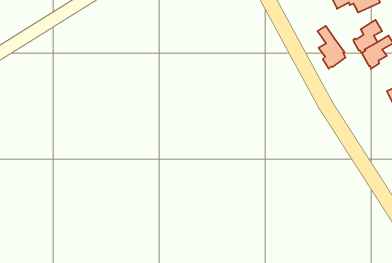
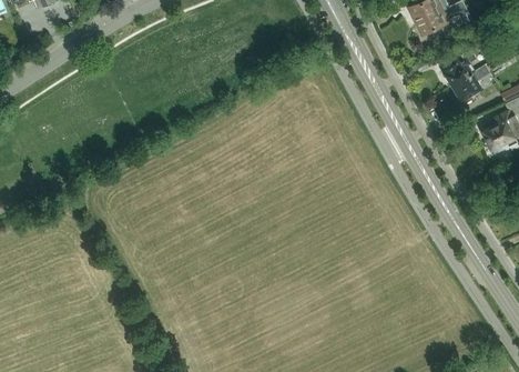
building: [318,26,346,69] -> none

